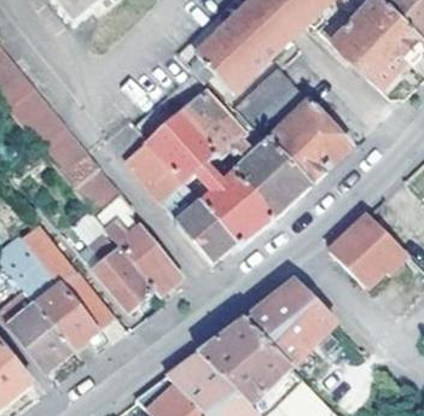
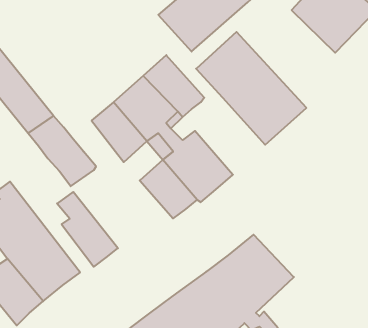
building: [228,135,306,216] -> none
building: [326,212,407,286] -> none
building: [117,227,181,295] -> none

